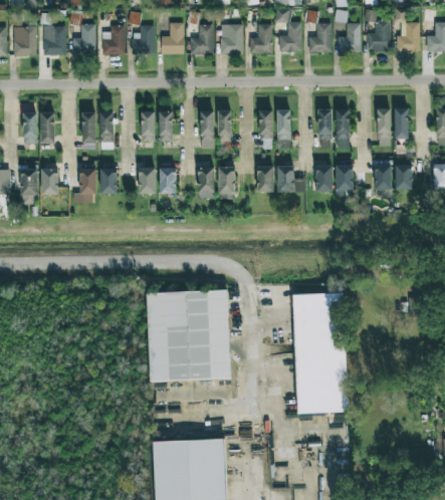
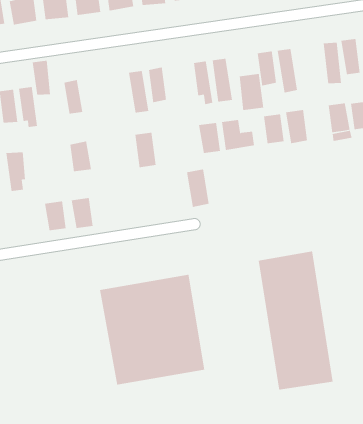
building: [159,110,173,142] -> [32,60,51,95]
building: none -> [239,73,264,111]
building: [218,166,235,199] -> [186,169,210,207]
building: [159,167,176,193] -> [71,198,93,229]
building: [99,168,117,193] -> [44,201,66,231]

